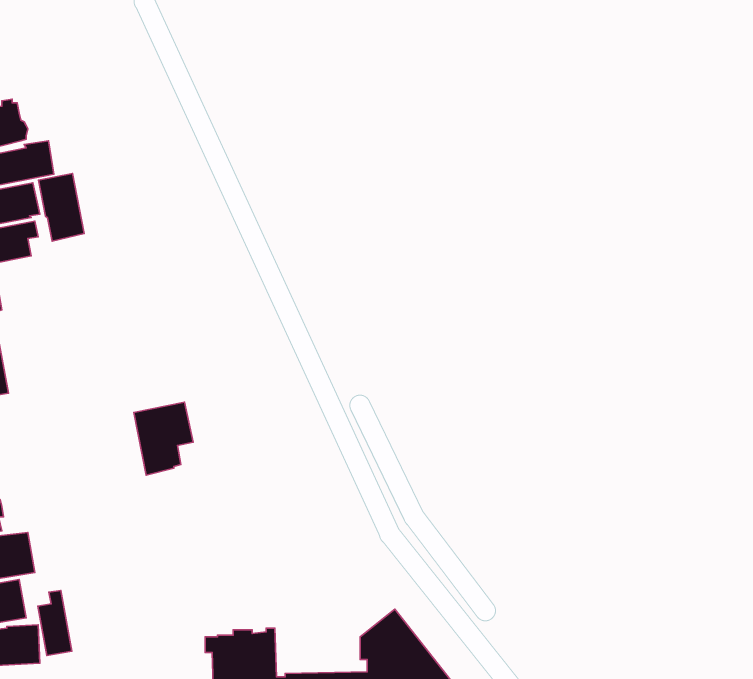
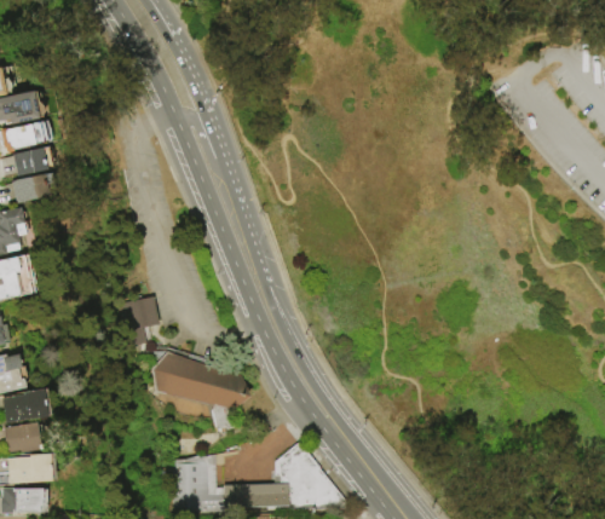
building: [38,174,84,241] -> none
building: none -> [152,348,250,410]
building: [38,590,72,655] -> none

